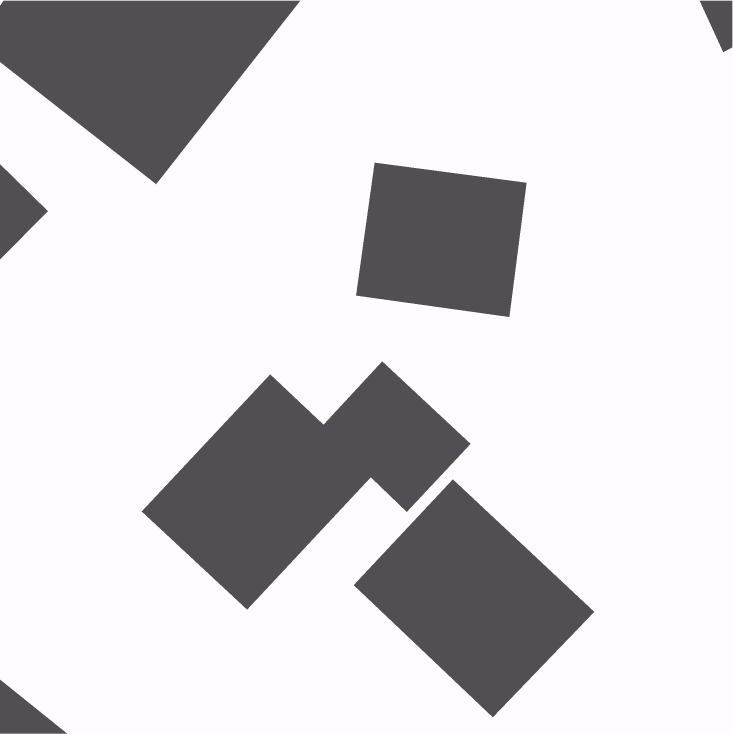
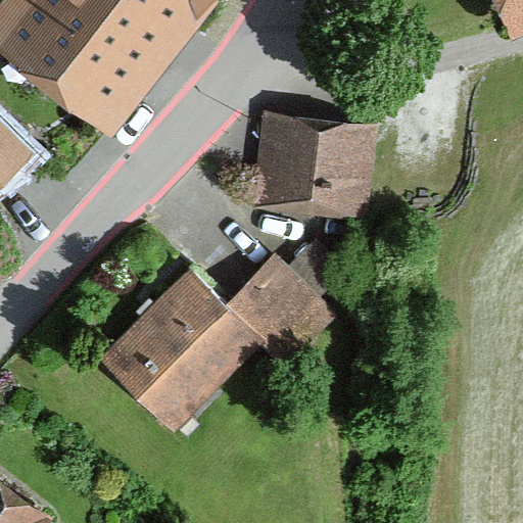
building: [353,479,595,718] -> none

